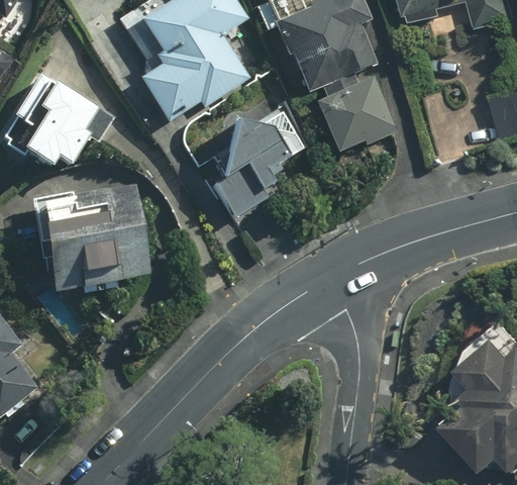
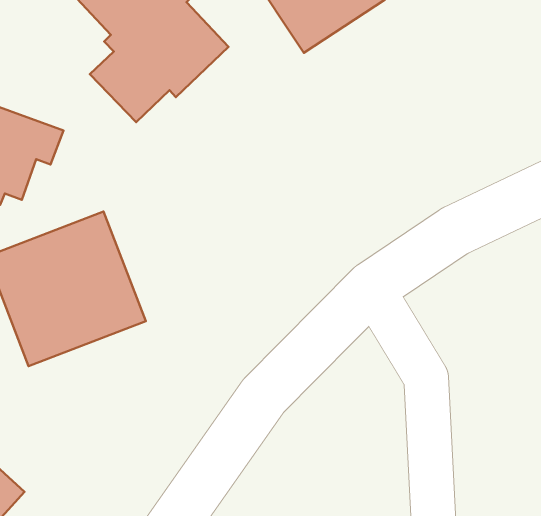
building: [318,78,394,152] -> none
building: [211,121,301,217] -> none

